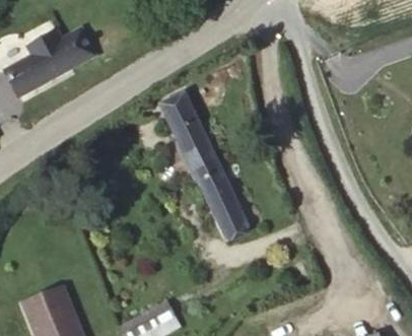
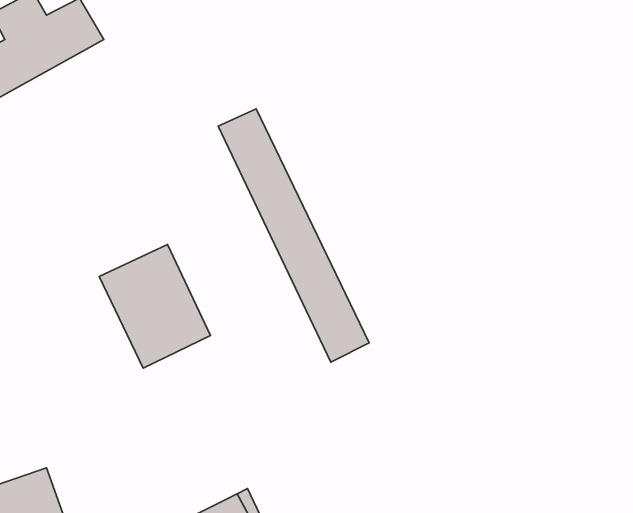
building: none -> [99,245,210,368]

